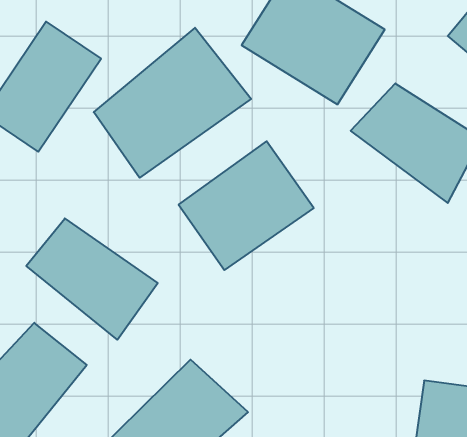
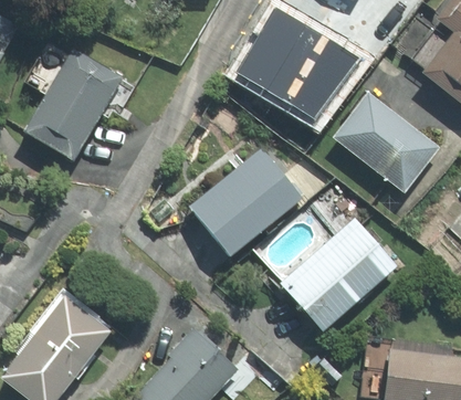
building: [94,28,251,178] -> none
building: [26,218,158,340] -> none
building: none -> [282,221,398,333]

